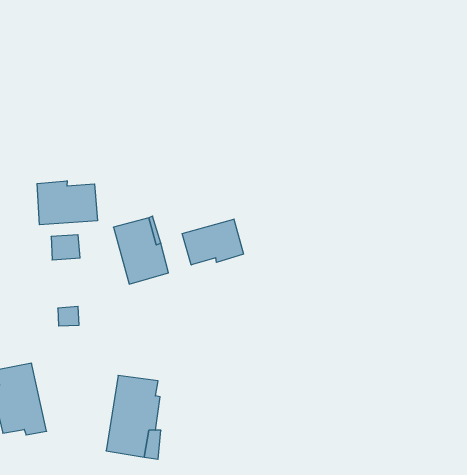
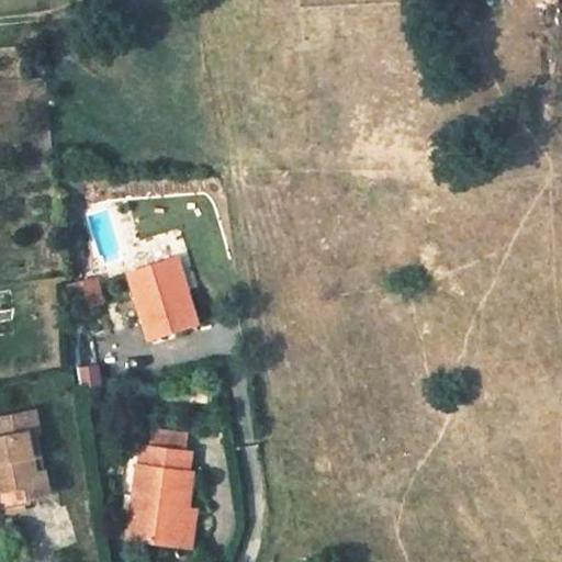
building: [37,181,97,225] -> none
building: [182,219,243,265] -> none

